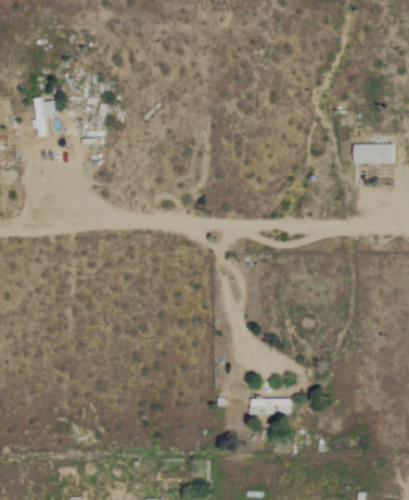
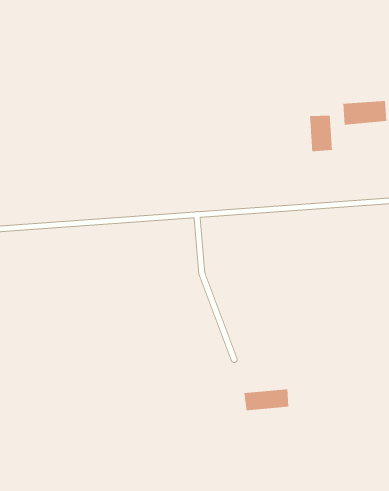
building: none -> [310,115,333,152]

